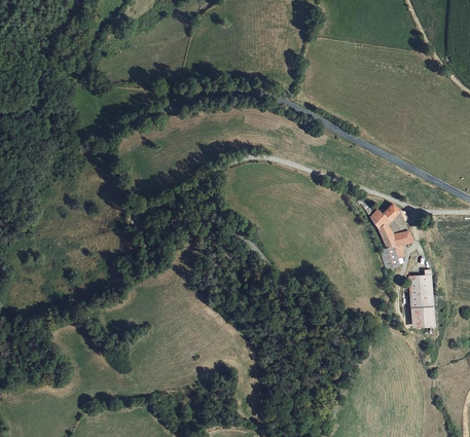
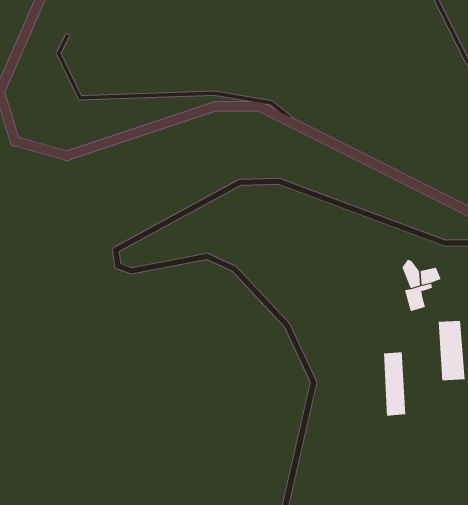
building: [371,203,403,229] -> none
building: none -> [383,351,406,416]

